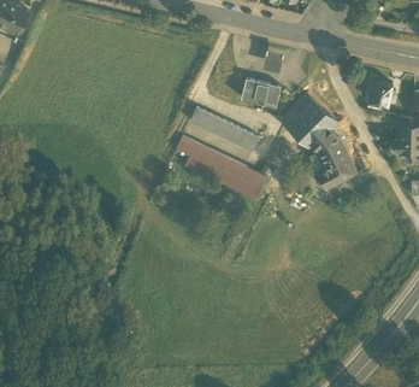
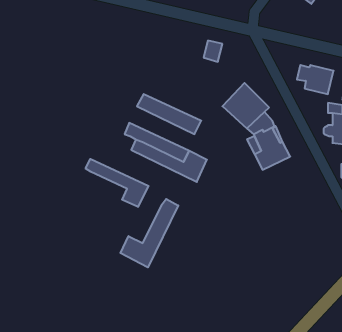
building: [240,76,279,106] -> none
building: none -> [86,159,149,207]
building: none -> [120,199,178,267]

